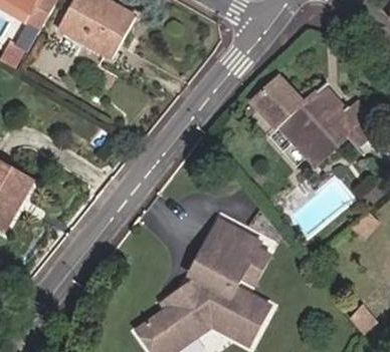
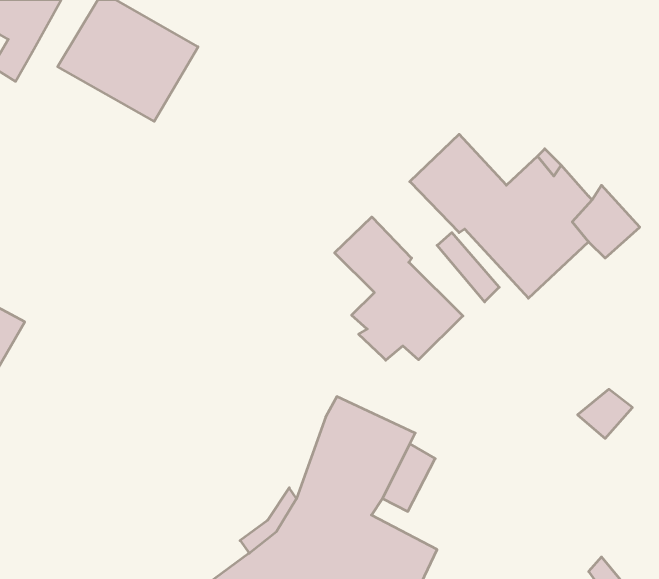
building: none -> [335,217,463,360]

